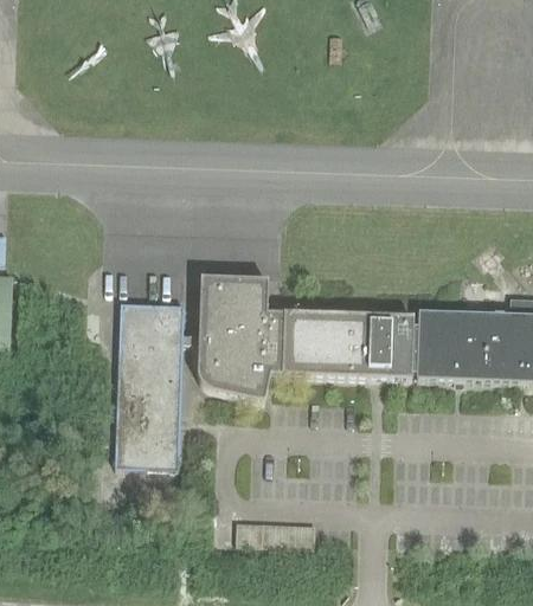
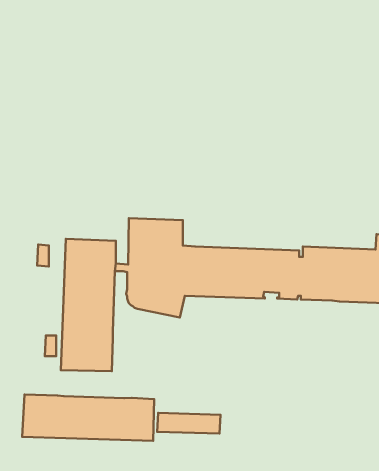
building: none -> [22,394,154,441]

